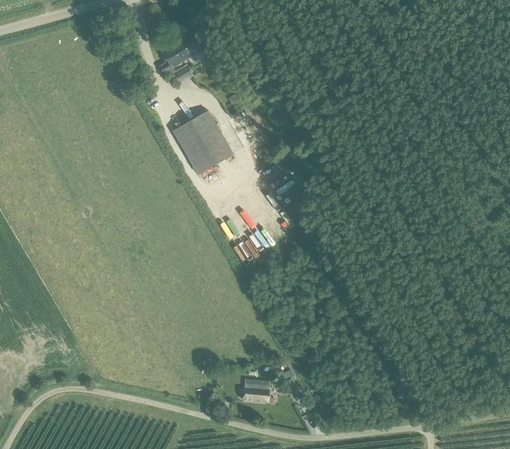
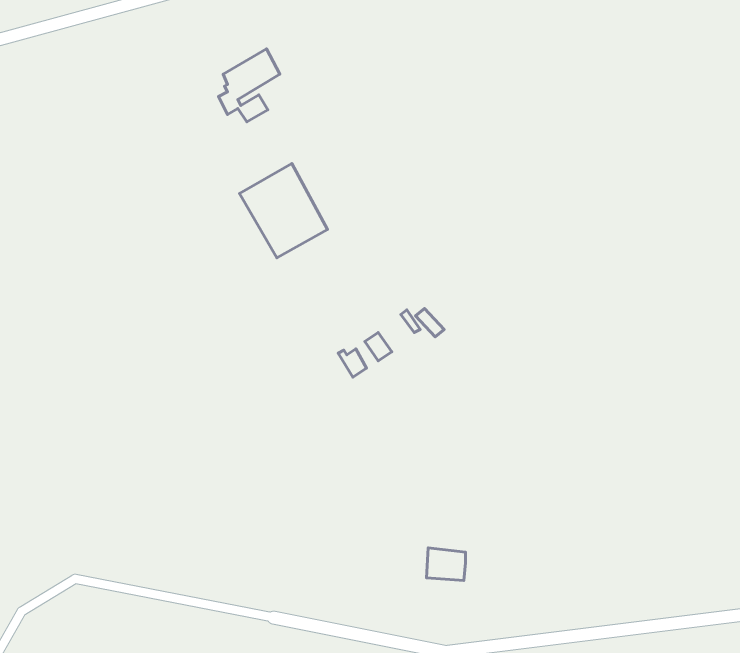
building: [244,380,270,402] -> [427,548,465,581]

